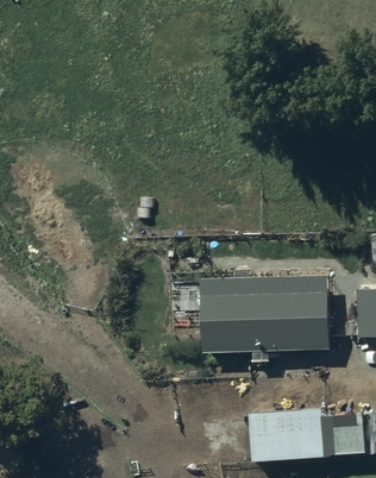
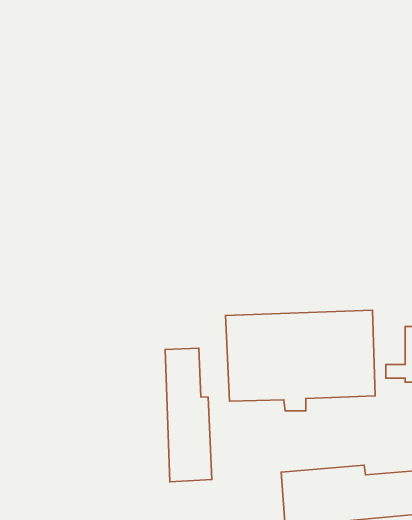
building: none -> [165,348,212,482]

